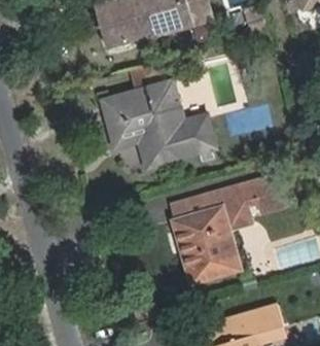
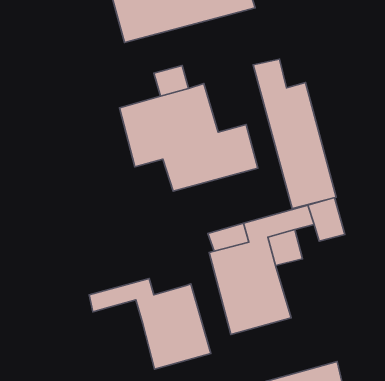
building: none -> [253,59,336,209]
building: none -> [89,278,211,369]

